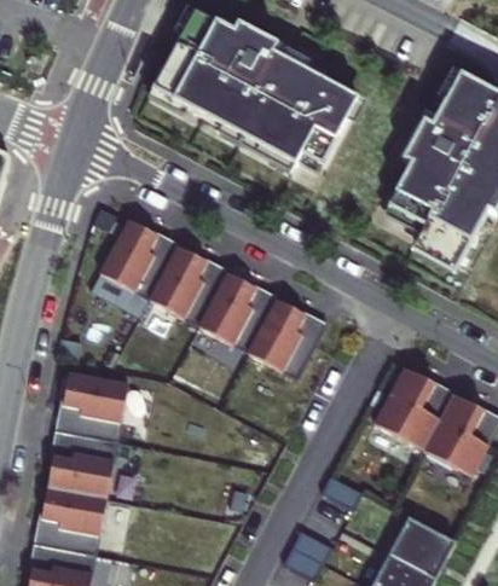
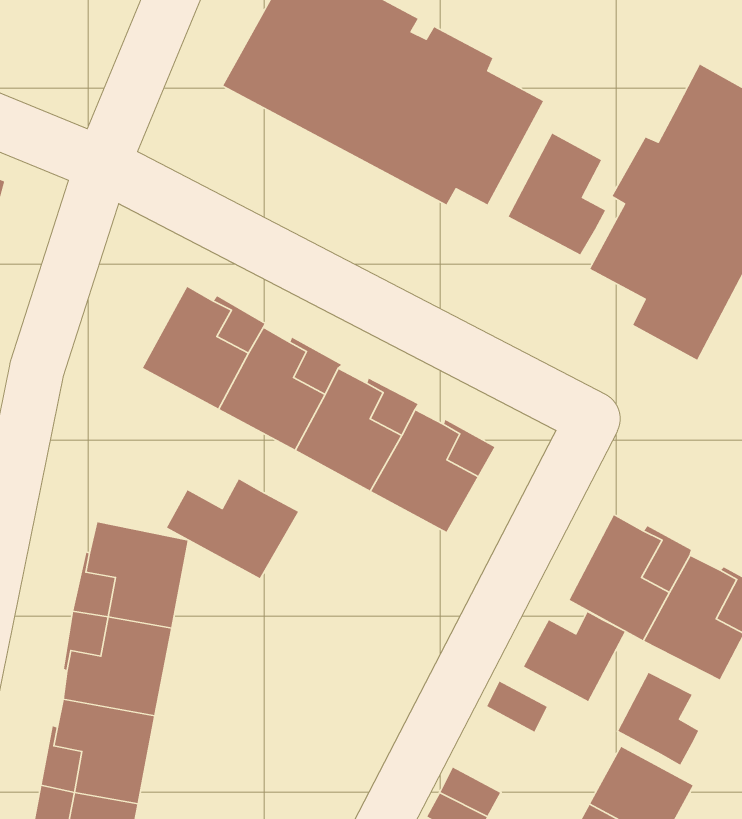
building: none -> [508,132,606,256]
building: none -> [166,478,299,579]
building: none -> [523,611,626,702]
building: none -> [617,672,699,766]

